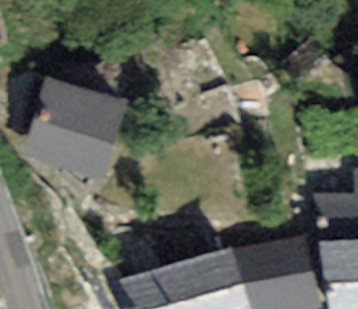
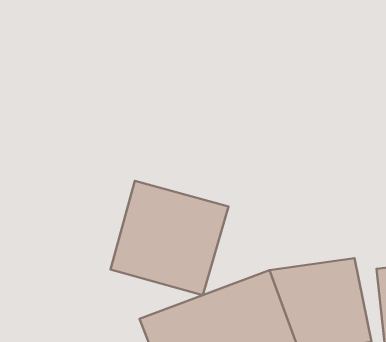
building: [24,78,125,176] -> [111,181,228,295]

